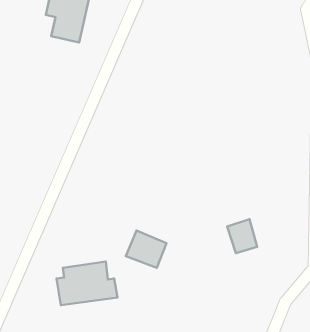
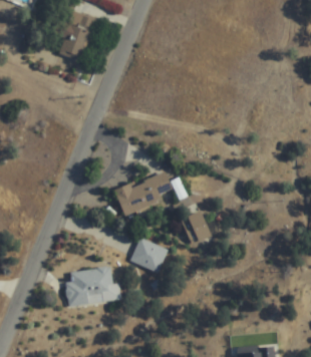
building: none -> [114,169,172,215]
building: [227,219,257,253] -> [182,211,210,243]

